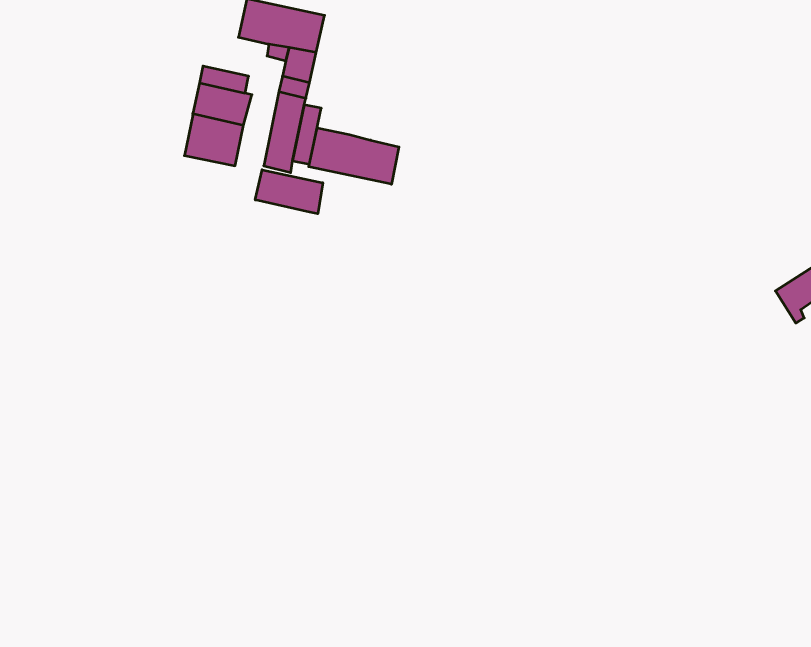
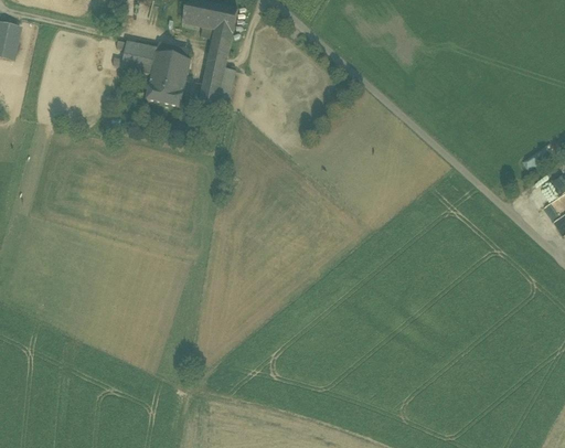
building: none -> [120,45,157,78]
building: [309,128,399,184] -> none
building: [255,170,323,214] -> none

